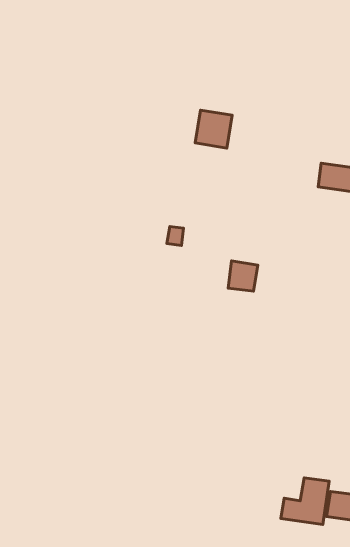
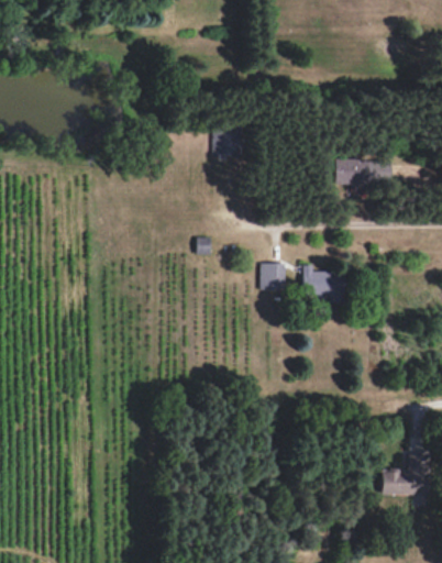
building: none -> [303,265,344,299]
building: [281,478,329,524] -> none

